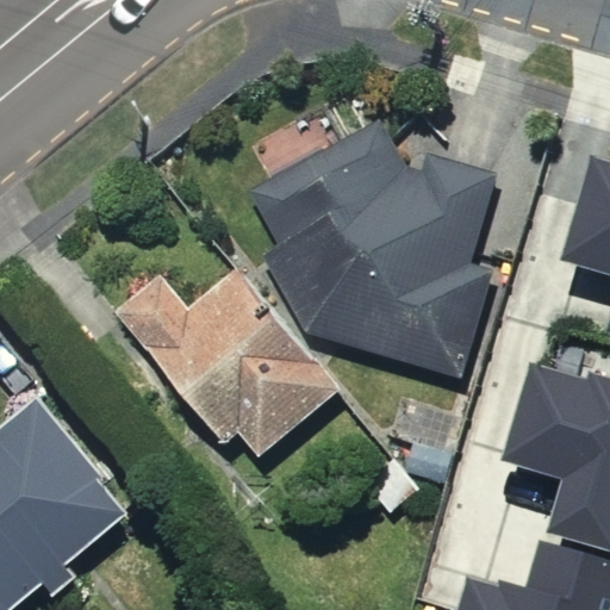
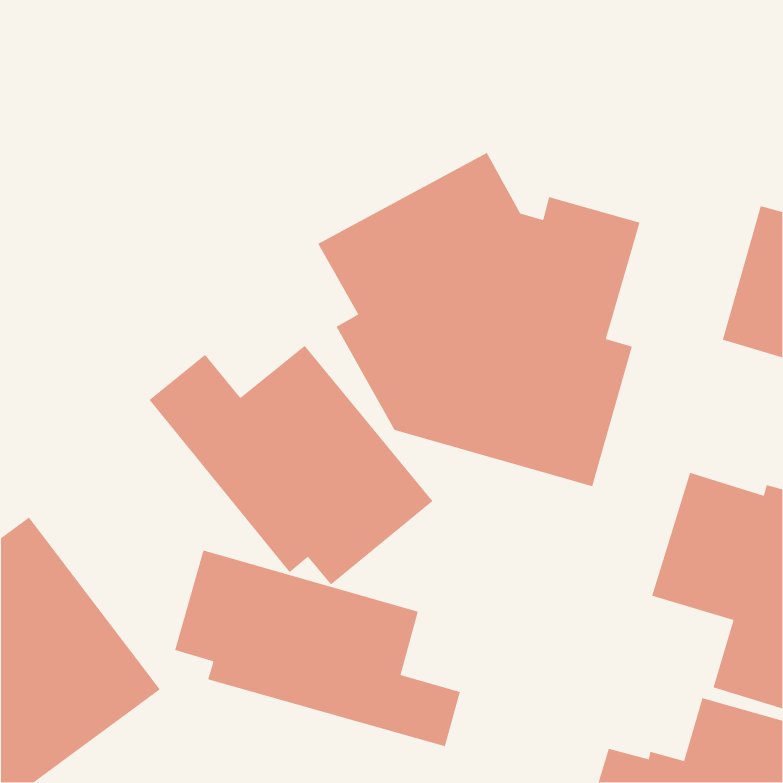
building: none -> [174,549,461,747]

